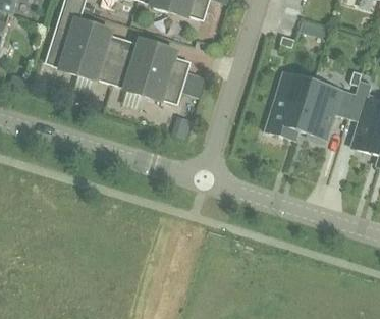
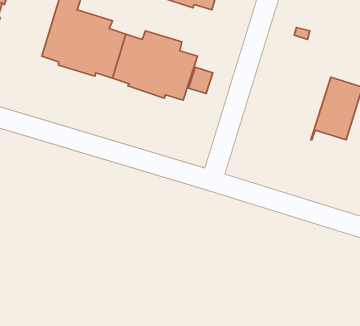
building: [265,71,313,139] -> none

